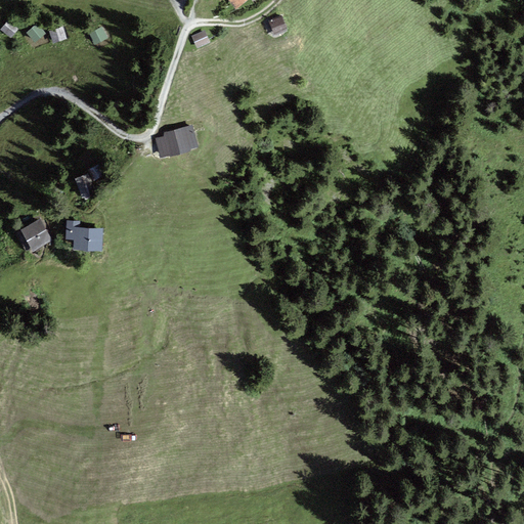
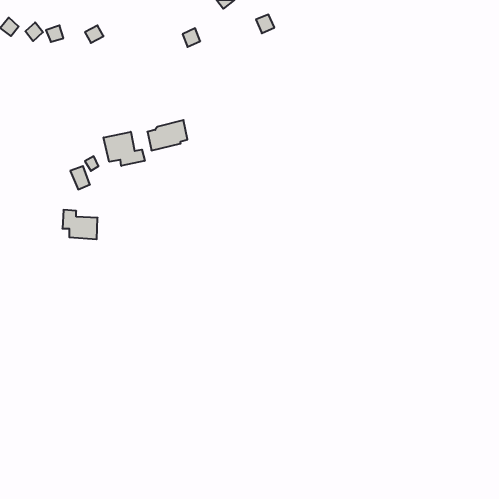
building: none -> [104,132,145,166]
building: [20,219,52,252] -> none

